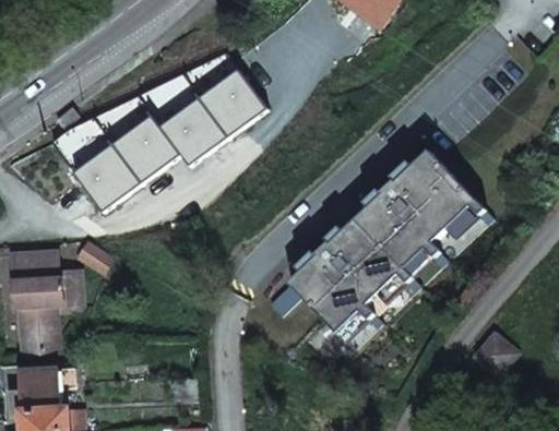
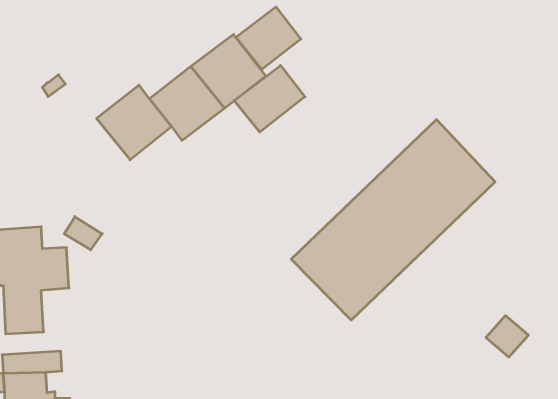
building: none -> [236,7,301,70]
building: none -> [234,65,305,132]
building: [66,144,136,215] -> none

